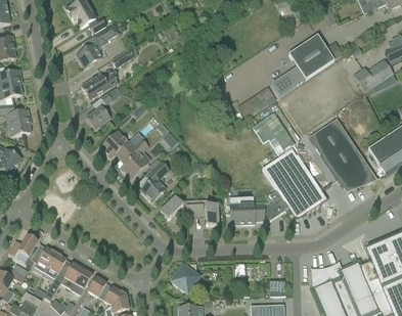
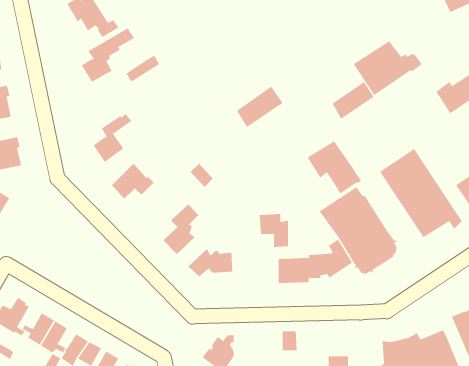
building: [81,73,118,98] -> none
building: [239,84,276,117] -> [236,86,283,128]
building: [120,138,151,179] -> none
building: [194,197,218,224] -> [259,213,289,248]

